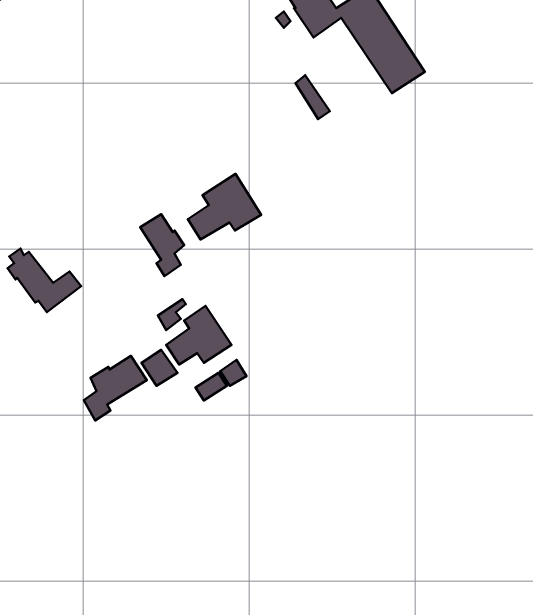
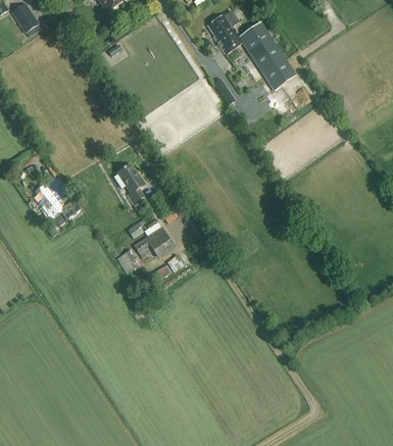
building: [188,174,261,240] -> none
building: [84,356,147,420] -> none

